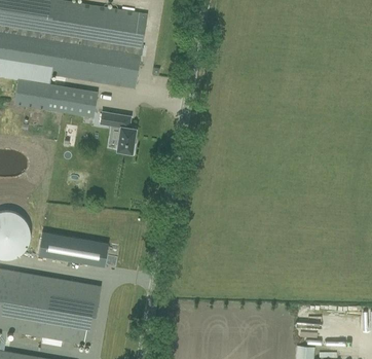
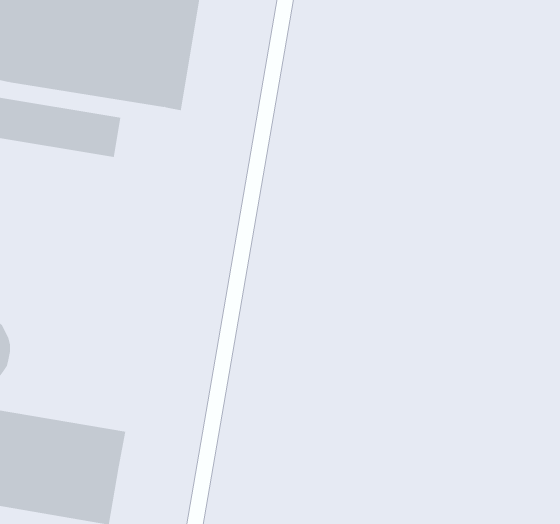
building: [101,111,136,154] -> none
building: [39,231,109,266] -> none

